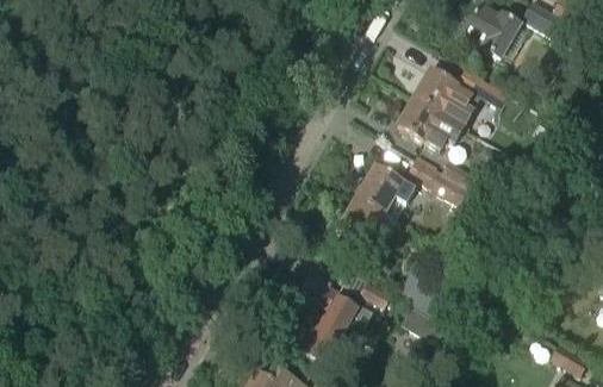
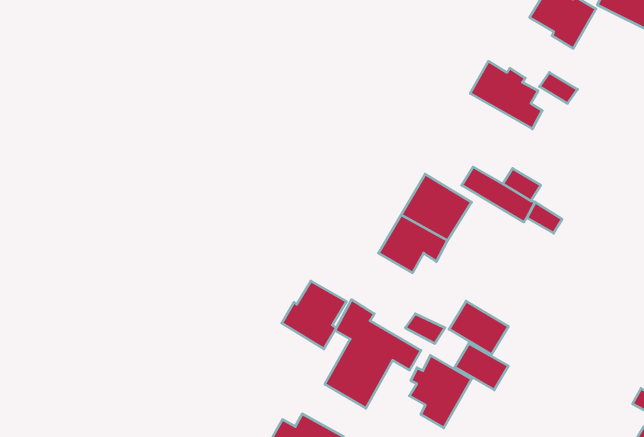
building: [398,94,467,149] -> none
building: none -> [282,281,346,349]
building: none -> [409,355,472,428]

